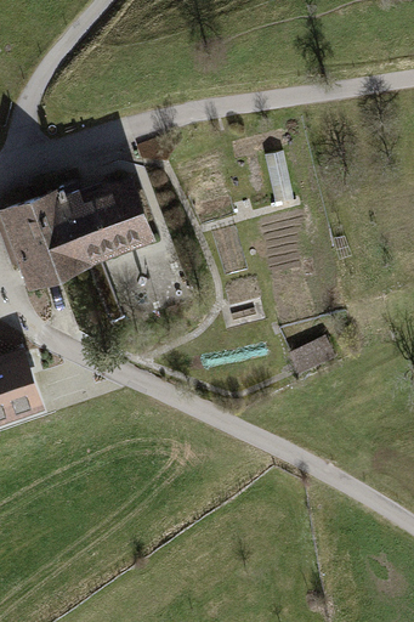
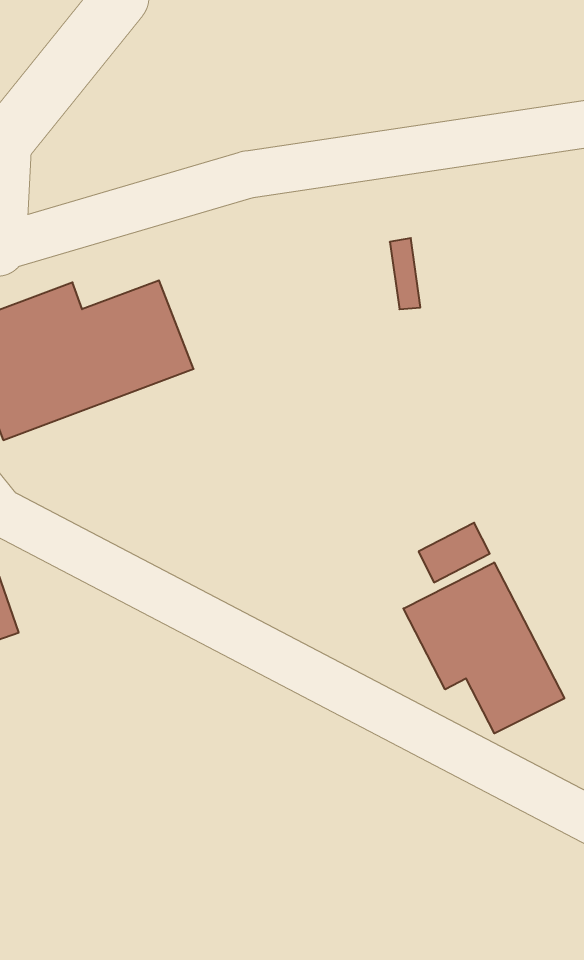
building: none -> [403,562,564,733]

